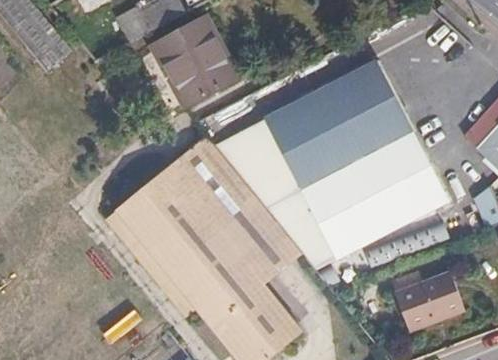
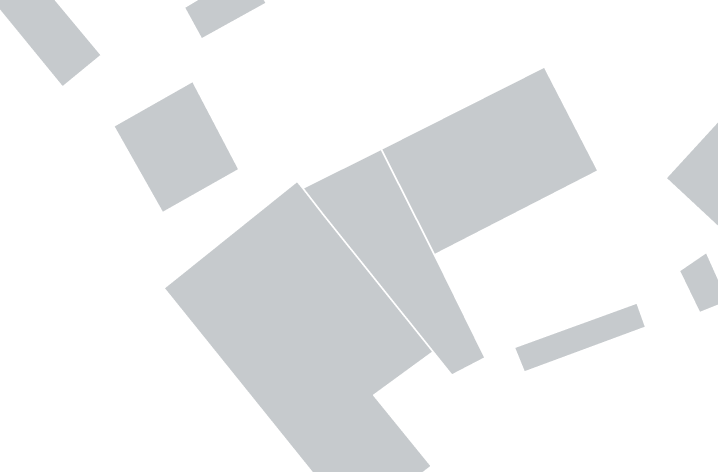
building: [152,18,239,109] -> [113,81,239,213]
building: [301,130,450,259] -> none
building: [395,275,464,333] -> none

